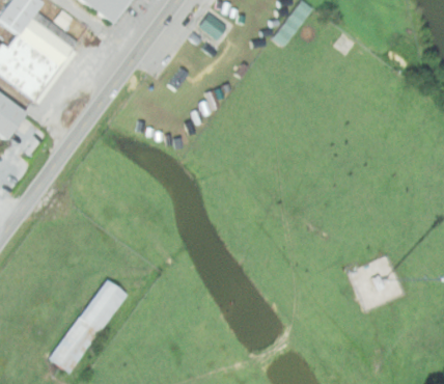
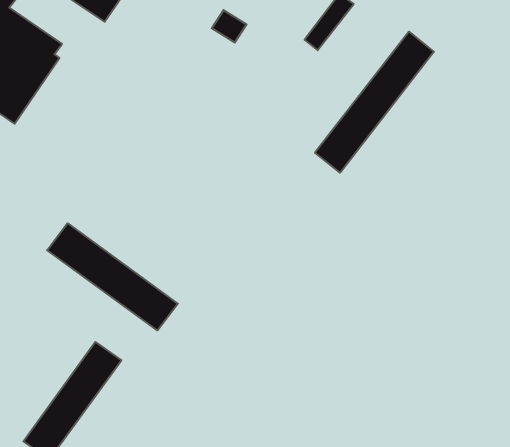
building: none -> [315,32,434,173]
building: none -> [47,223,178,330]

